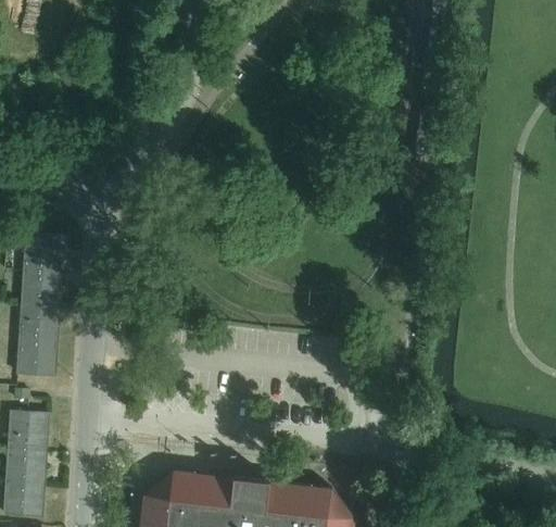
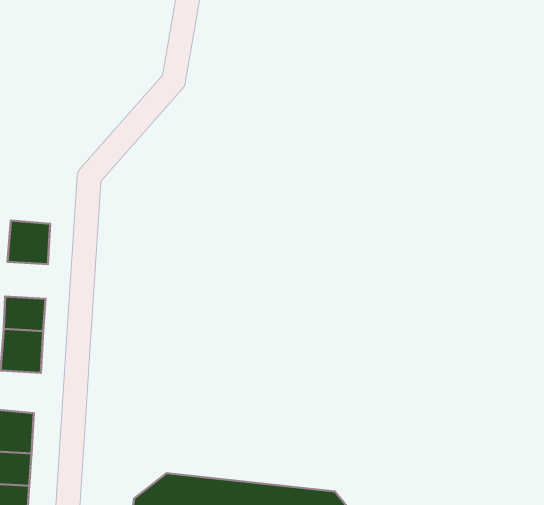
building: [21,273,61,308] -> none

